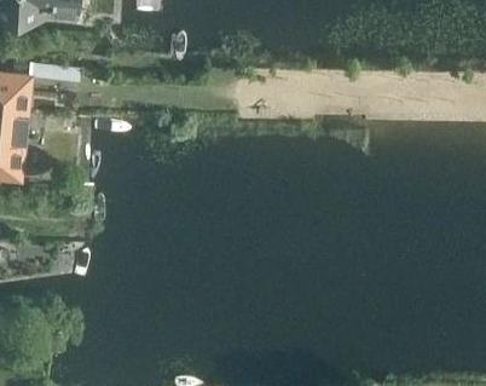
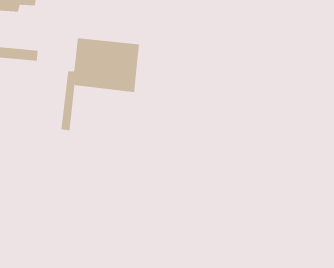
building: none -> [61,37,140,131]

